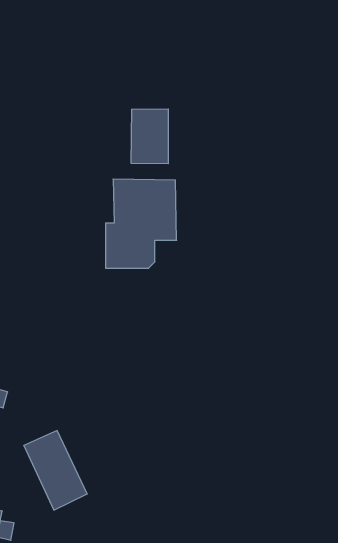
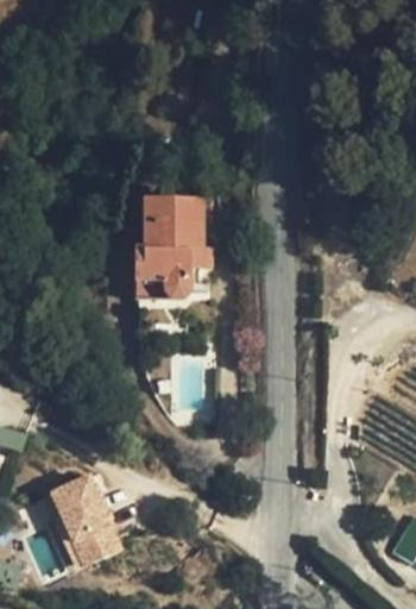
building: [131,109,168,164] -> none

